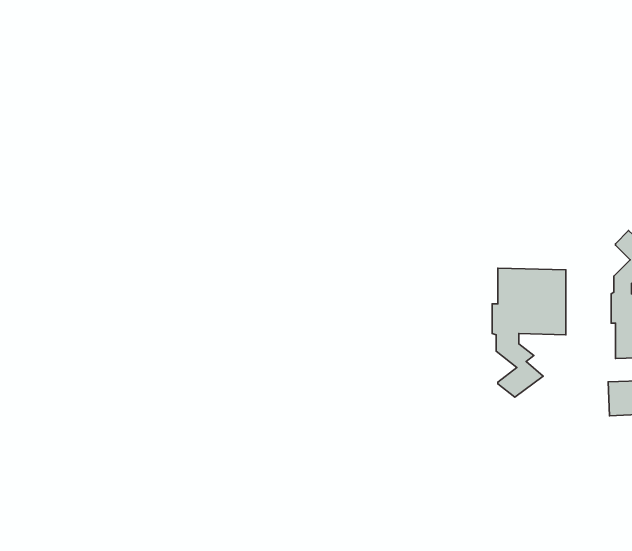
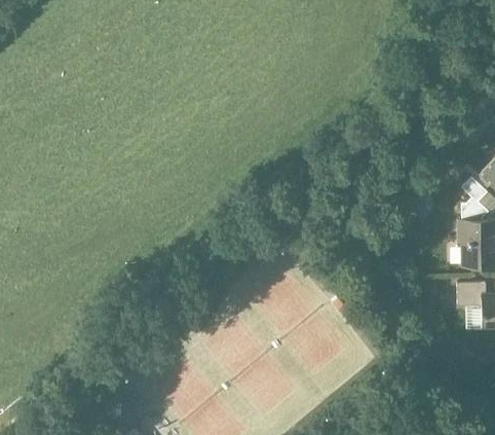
building: [492,268,566,397] -> none

